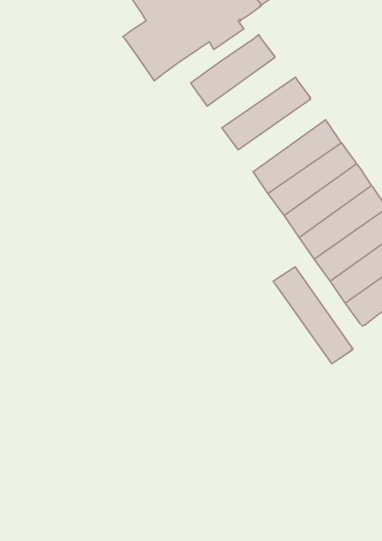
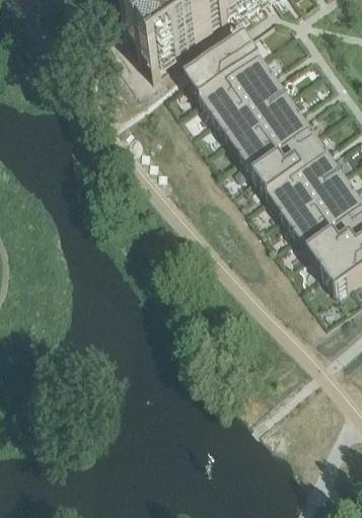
building: none -> [200,51,278,116]
building: none -> [227,90,304,154]
building: [273,267,353,364] -> none

